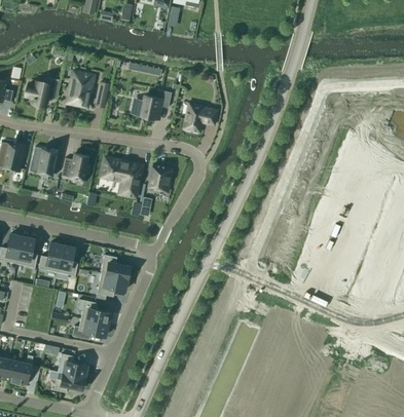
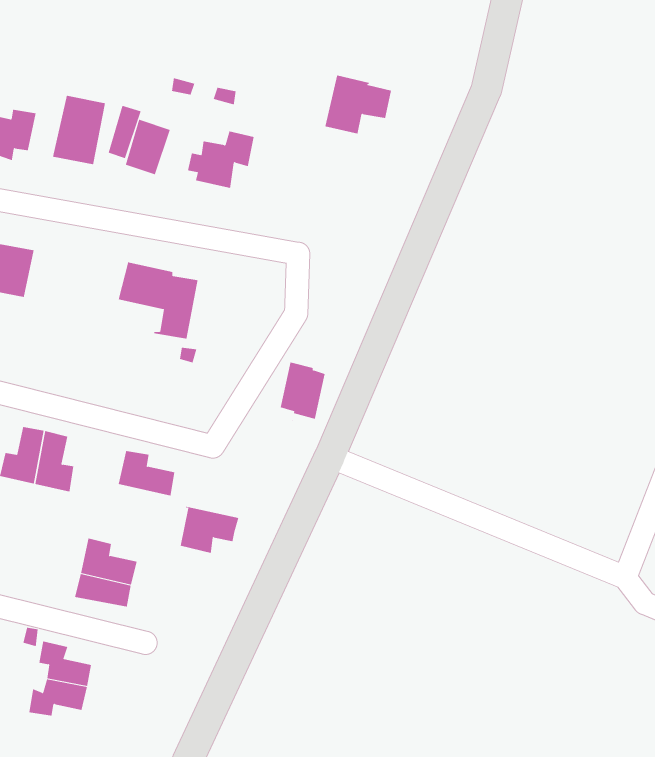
building: none -> [125,119,170,175]
building: [182,102,217,132] -> [325,75,392,134]
building: [61,153,89,180] -> none
building: [148,163,172,194] -> [280,362,325,421]
building: [97,272,127,297] -> [180,506,239,554]

